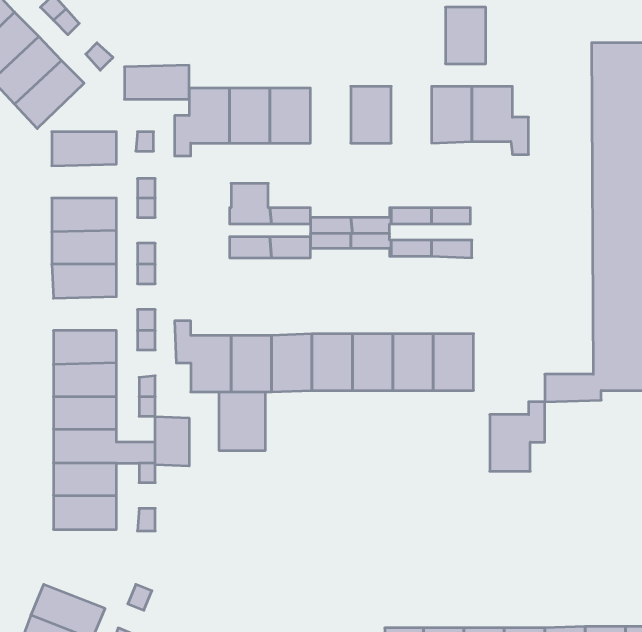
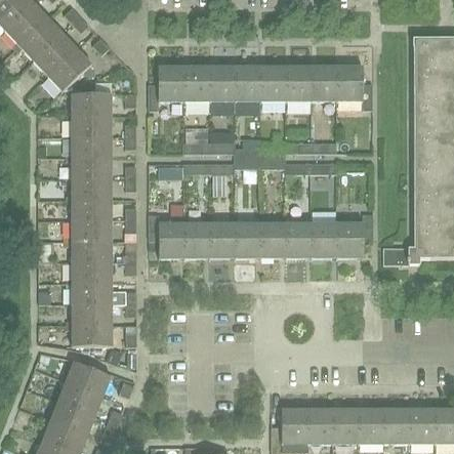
building: [445,7,486,64] -> [286,66,312,101]
building: [124,65,189,99] -> [71,115,112,136]
building: none -> [235,66,260,101]
building: none -> [72,199,112,220]
building: [219,392,265,451] -> none
building: [490,402,545,471] -> [338,214,373,258]
building: [155,416,189,466] -> none
building: none -> [66,362,112,397]

